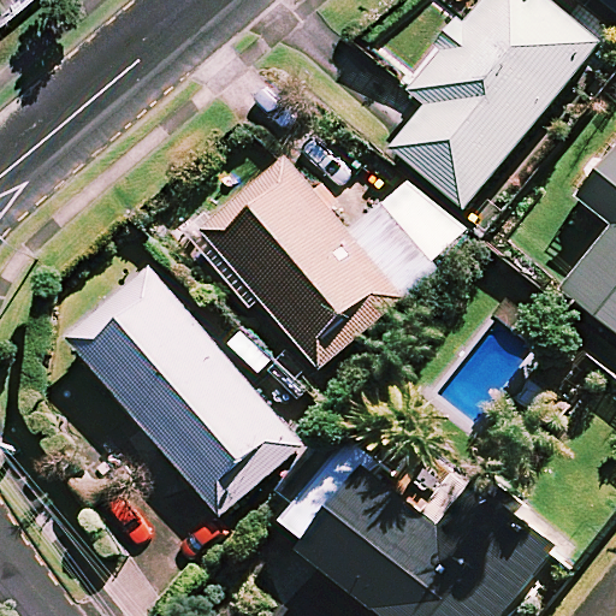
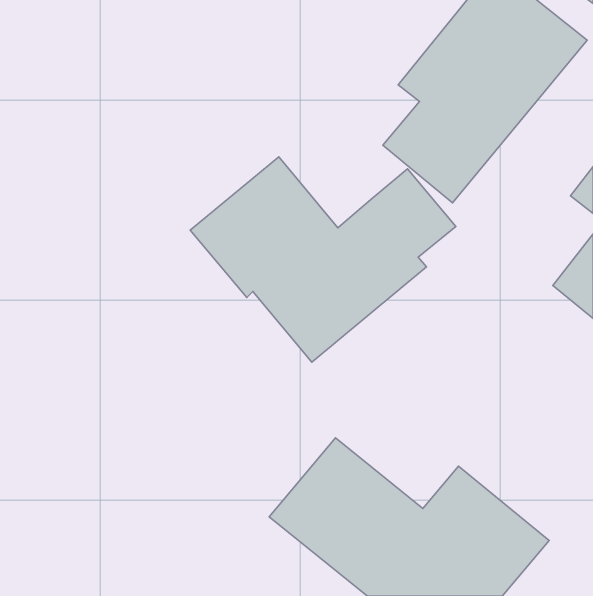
building: [67,268,301,515] -> none

